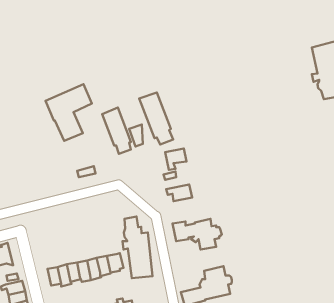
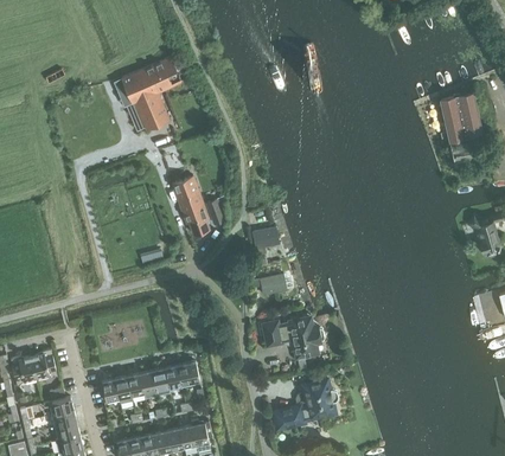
building: [46,84,92,141] -> [122,58,181,130]
building: [139,92,173,145] -> none
building: [122,217,153,278] -> none

